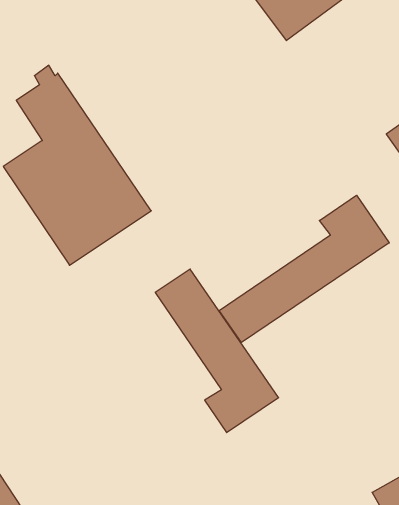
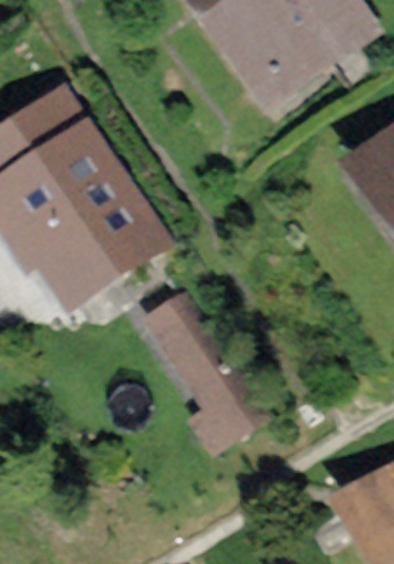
building: [219,195,389,342] -> none

